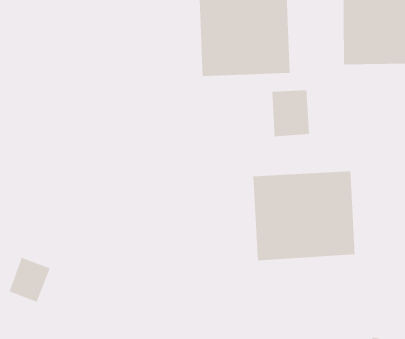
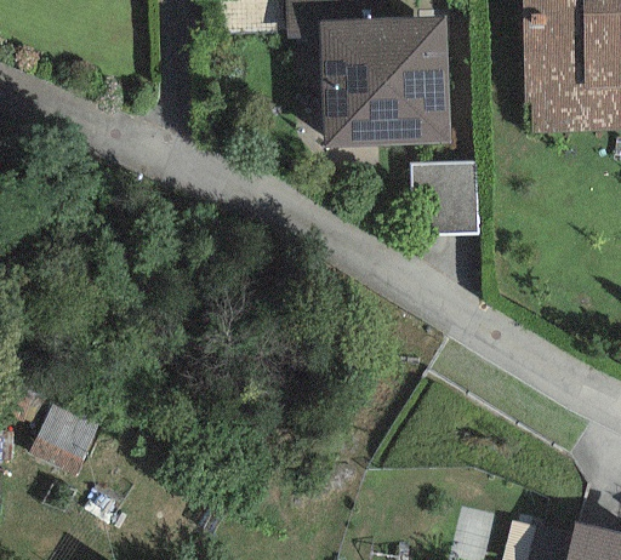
building: [253,171,355,261] -> none

